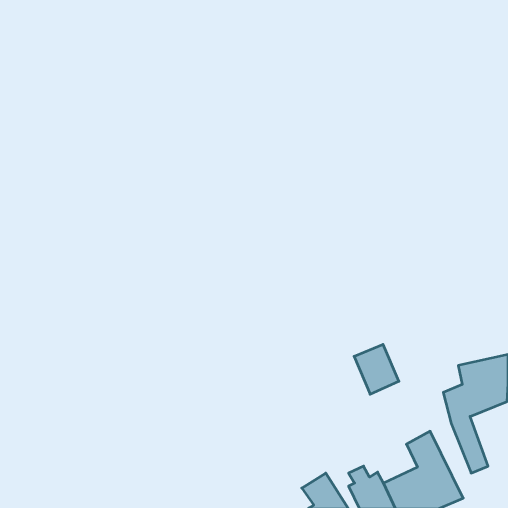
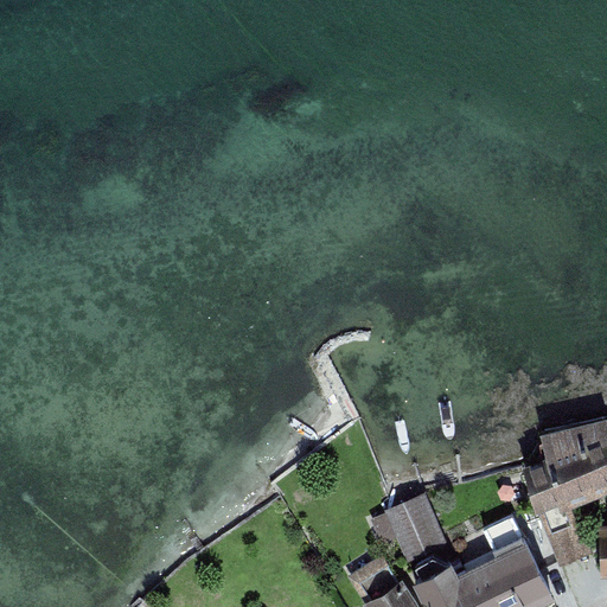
building: [354,344,399,394] -> [388,499,441,558]

